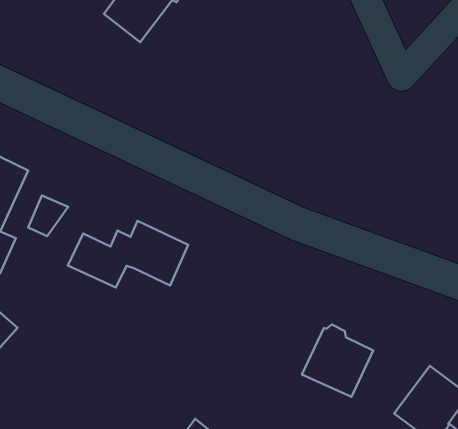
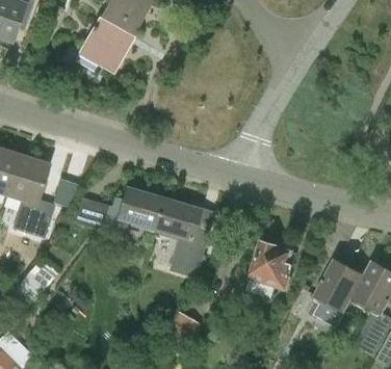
building: none -> [153,199,206,276]

